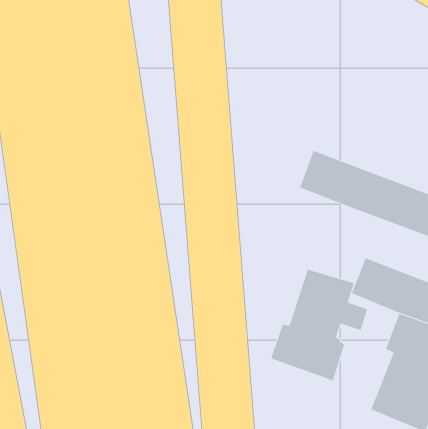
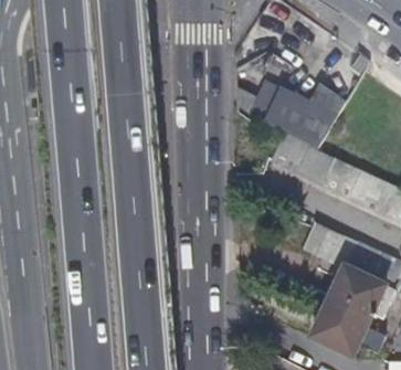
building: none -> [243,80,345,150]
building: [271,269,368,381] -> none

